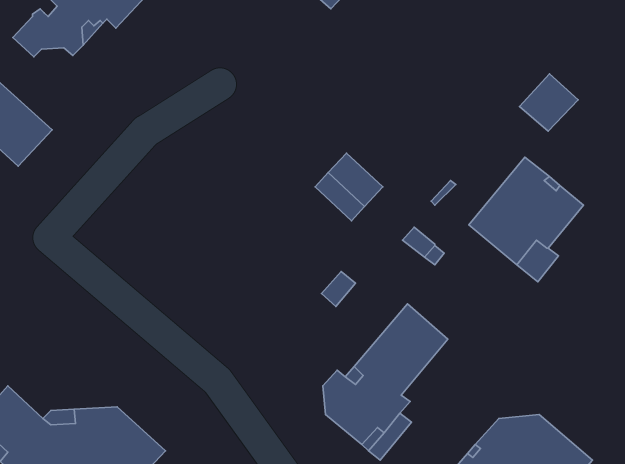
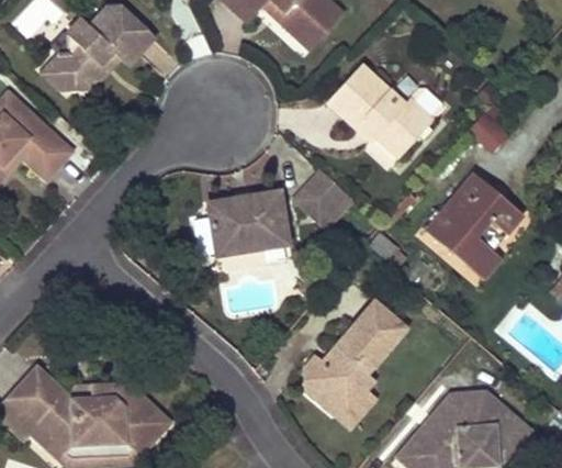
building: none -> [327,64,434,157]
building: none -> [209,192,288,256]

